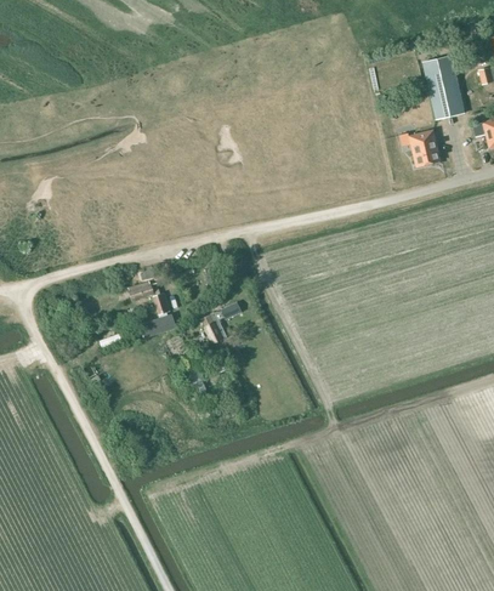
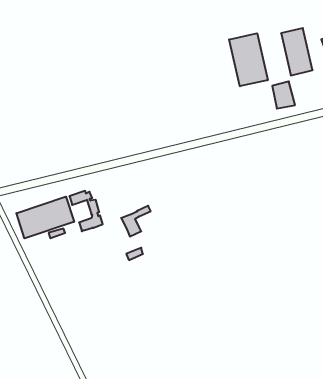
building: none -> [229,33,268,86]
building: none -> [16,197,74,238]

